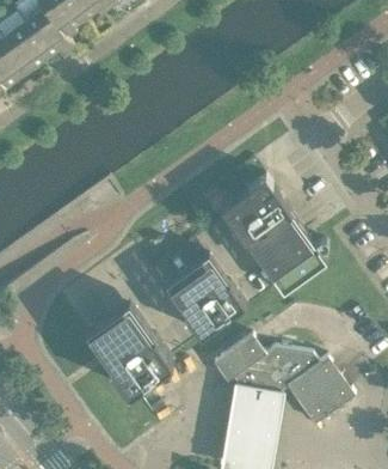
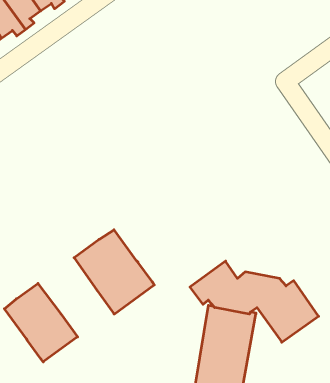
building: [220,173,326,292] -> none
building: [162,251,244,334] -> none
building: none -> [4,283,78,362]

